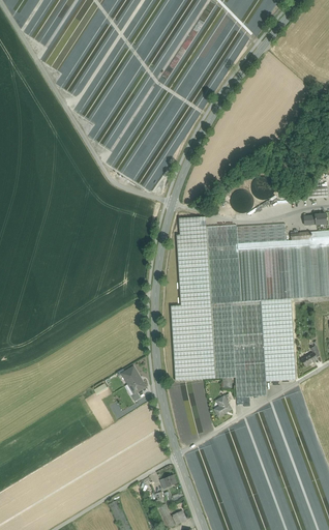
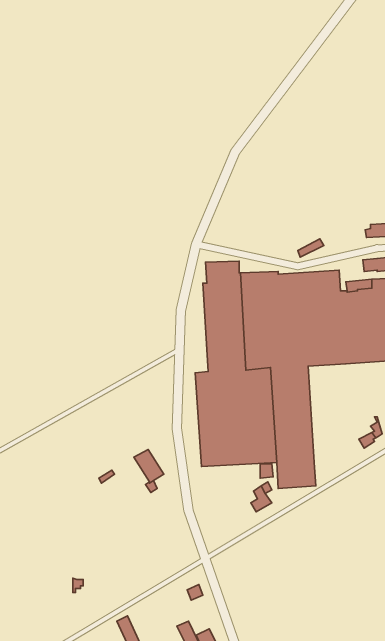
building: [261,298,296,381] -> none

